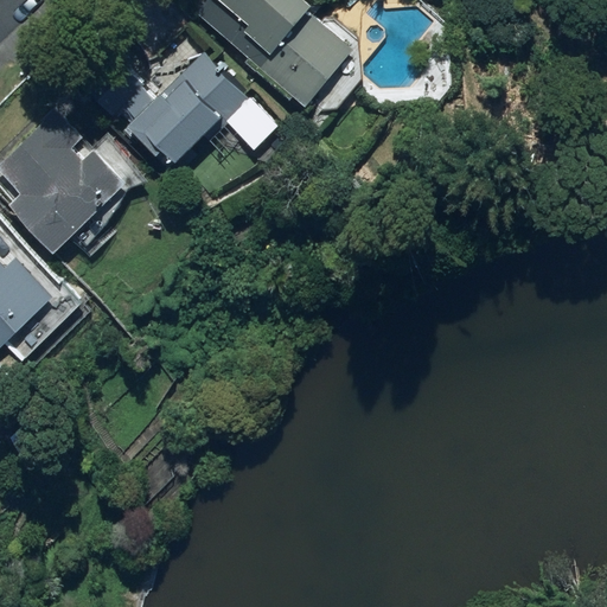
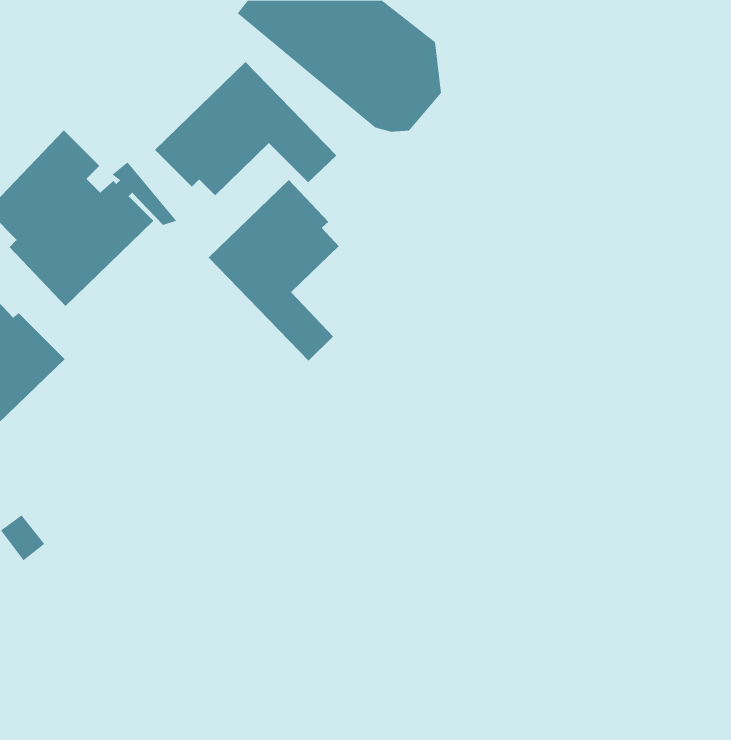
building: none -> [208,179,340,361]

